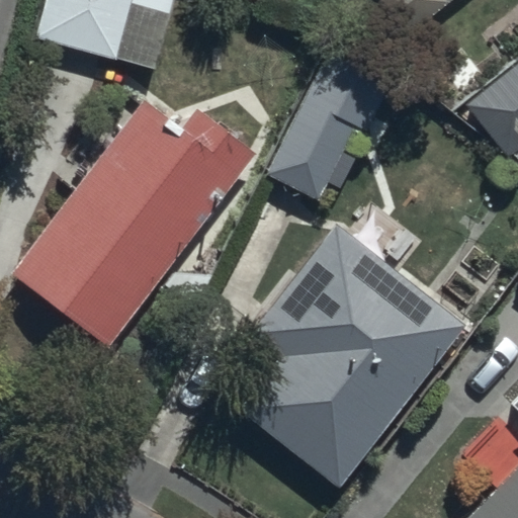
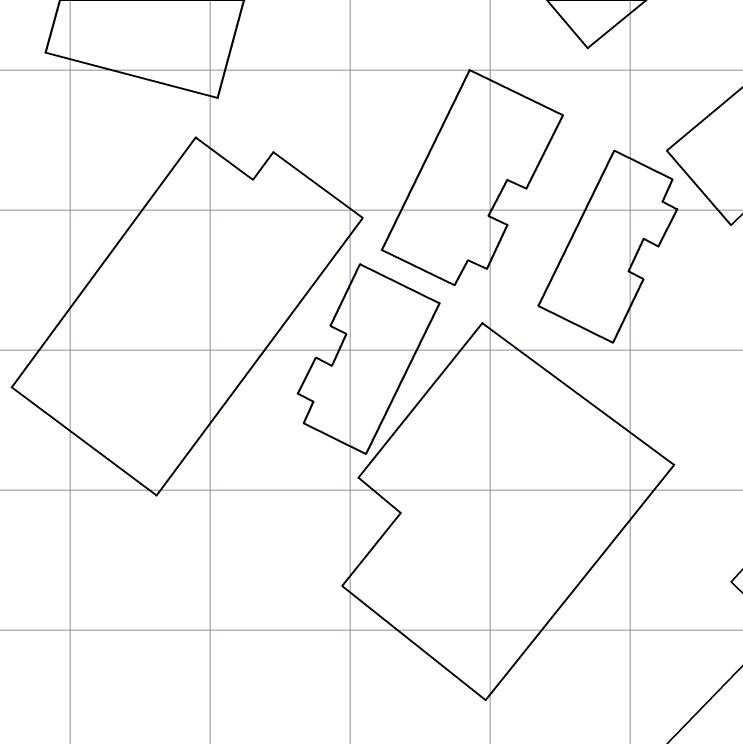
building: none -> [539,151,677,343]
building: none -> [298,264,440,454]

